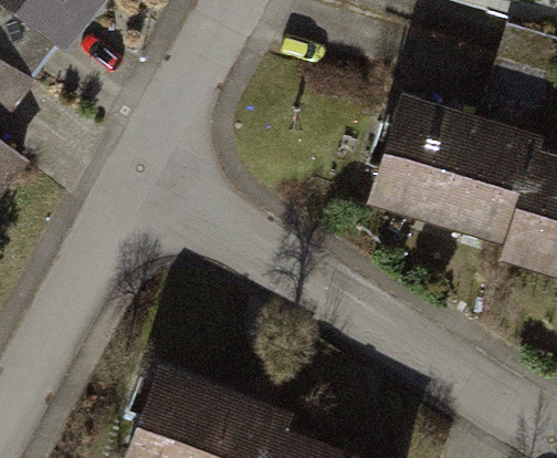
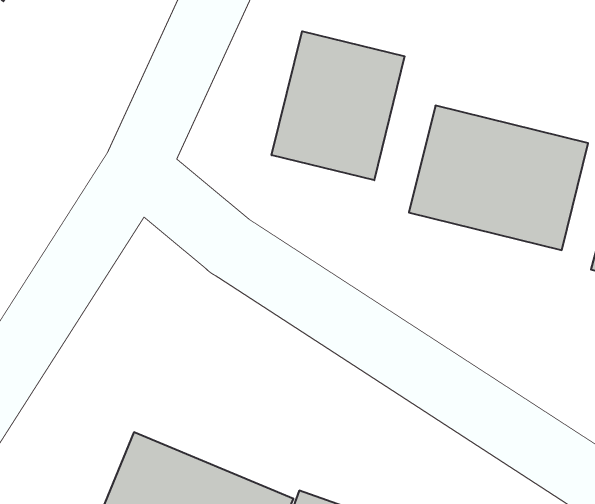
building: none -> [272,31,405,180]

